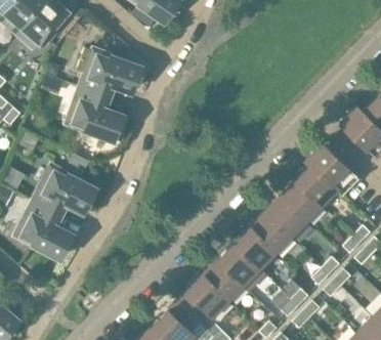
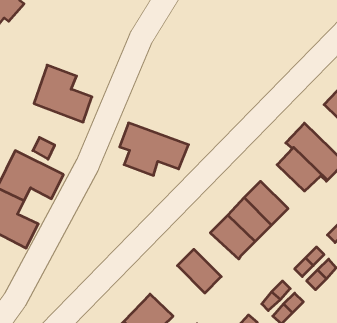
building: [77,48,141,97] -> [120,123,189,175]
building: [281,180,322,221] -> none
building: [218,244,265,290] -> none
building: [177,274,228,322] -> none

